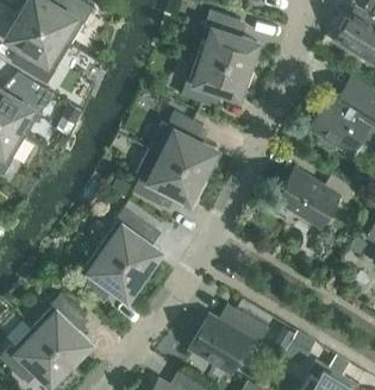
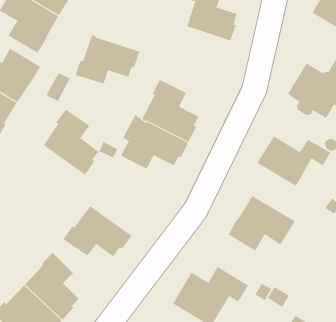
building: [181,52,250,105] -> [75,35,140,84]
building: [101,206,161,276] -> [43,109,99,175]
building: none -> [228,195,295,252]

